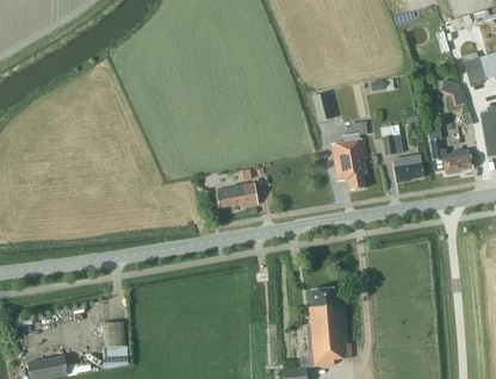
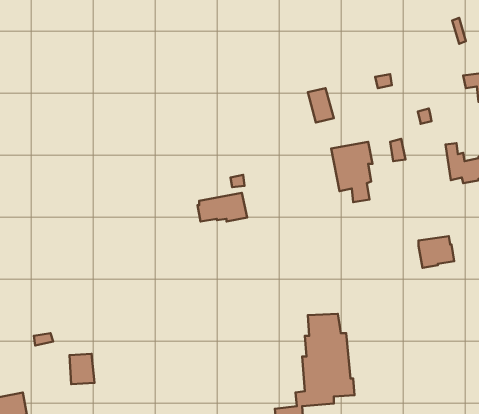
building: [392,154,423,181] -> [418,236,454,268]

